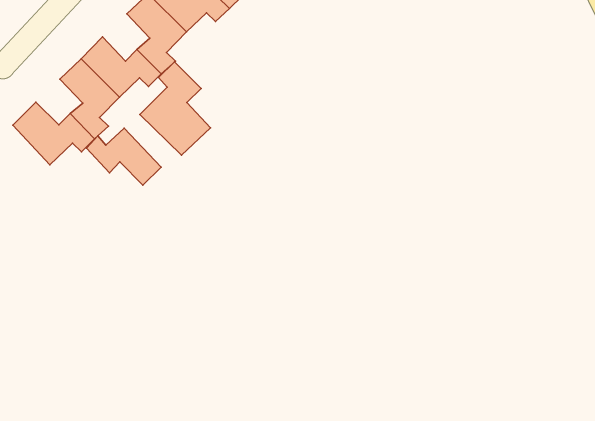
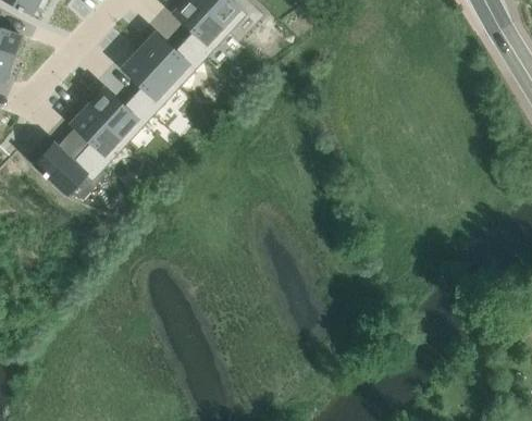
building: [140,62,210,155] -> none
building: [86,128,161,185] -> none

